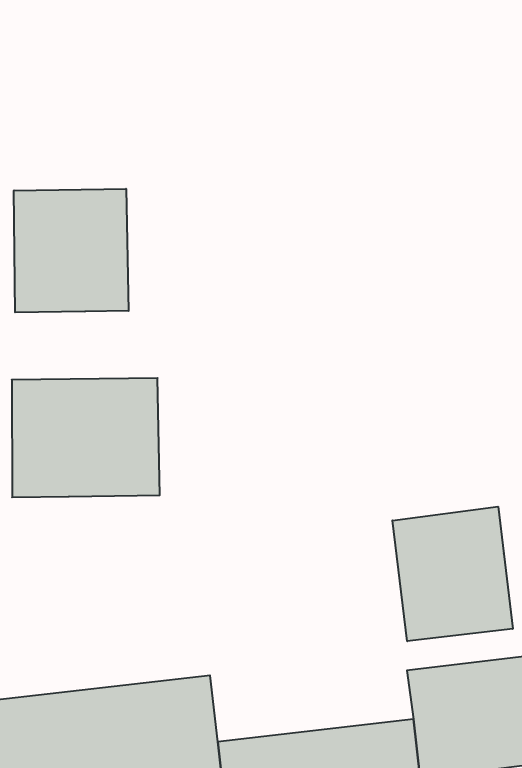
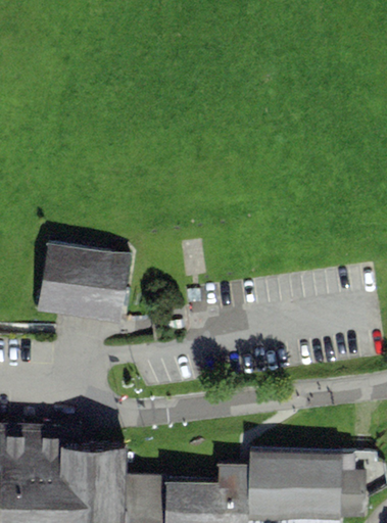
building: [14,189,129,312] -> none
building: [392,507,513,641] -> none

